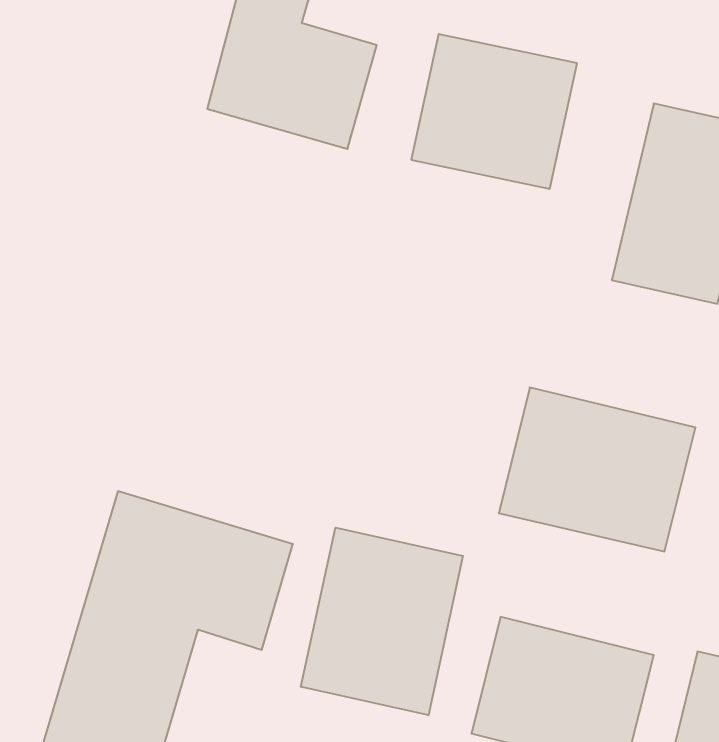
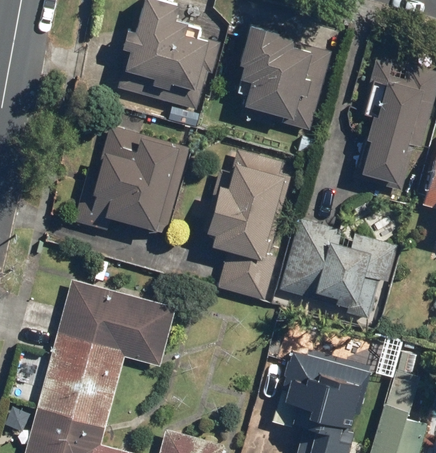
building: none -> [77,134,180,228]
building: none -> [201,152,298,299]
building: [301,528,463,715] -> none

